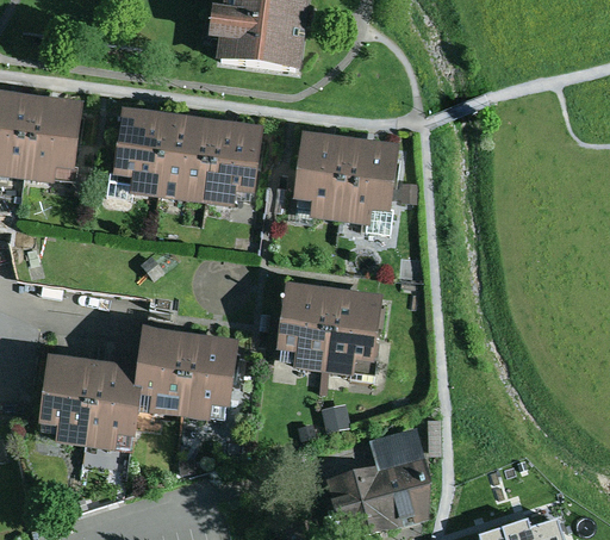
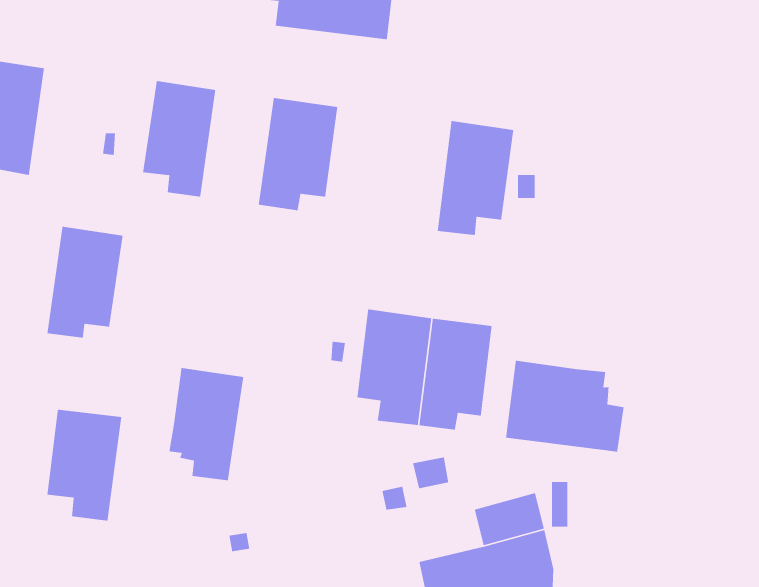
building: [25,95,85,182] -> [46,226,124,338]
building: [157,112,213,201] -> none
building: [292,130,350,222] -> none
building: none -> [505,360,625,452]
building: [179,334,238,420] -> none
building: [86,365,142,451] -> none

